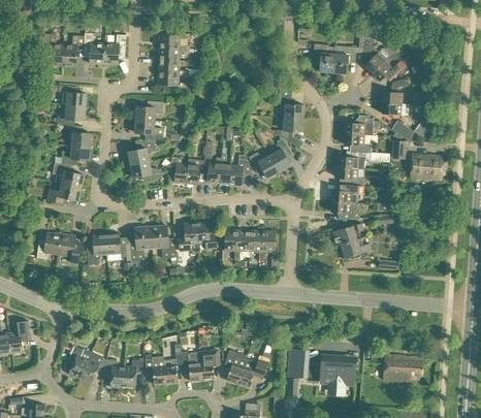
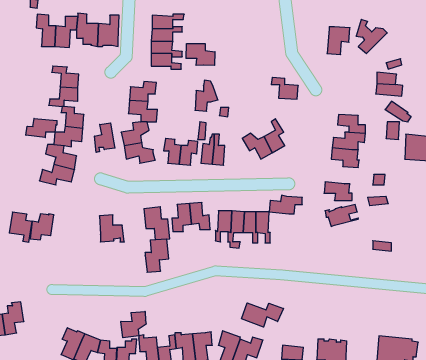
building: [313,43,335,72] -> none
building: [373,52,409,81] -> none
building: none -> [186,44,215,65]
building: [345,115,374,134] -> none
building: [272,117,303,141] -> none
building: none -> [26,118,57,138]
building: none -> [95,123,115,152]
building: [230,154,253,185] -> [195,80,218,111]
building: [331,184,364,202] -> [269,195,302,214]
building: [129,227,153,260] -> [145,239,169,272]
building: [58,233,81,263] -> [9,212,32,242]
building: [87,234,107,264] -> none
building: [341,237,373,259] -> none
building: none -> [242,303,283,327]
building: none -> [121,311,146,338]

